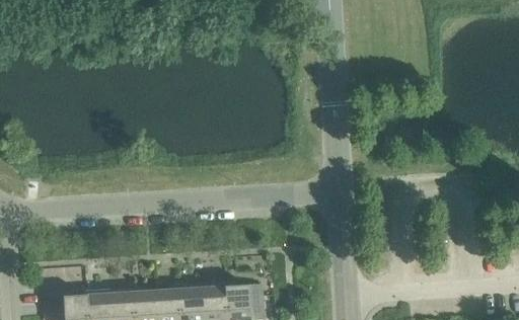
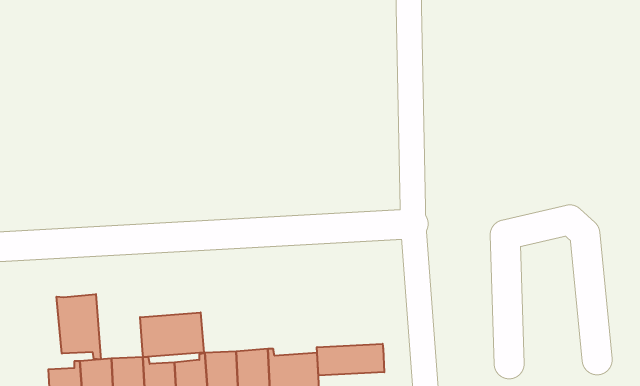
building: none -> [57,294,101,359]
building: none -> [140,312,204,357]
building: none -> [317,344,384,376]

